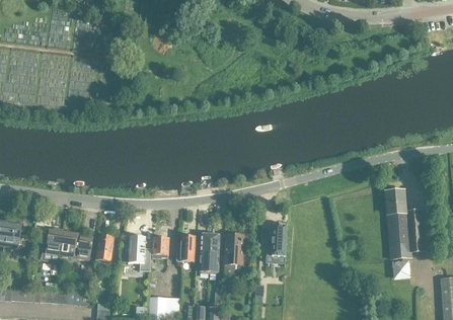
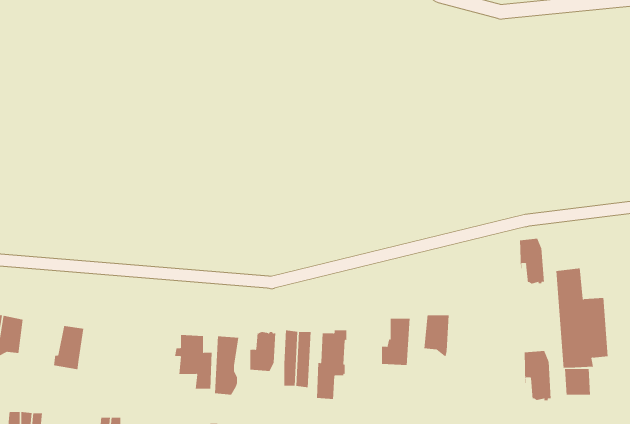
building: none -> [520,238,545,284]
building: none -> [424,314,449,357]
building: [60,231,92,259] -> none
building: [95,234,114,260] -> none
building: none -> [524,350,551,401]

